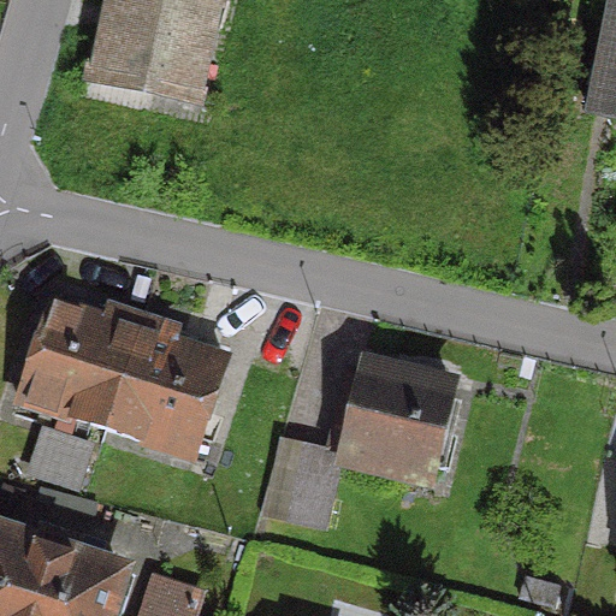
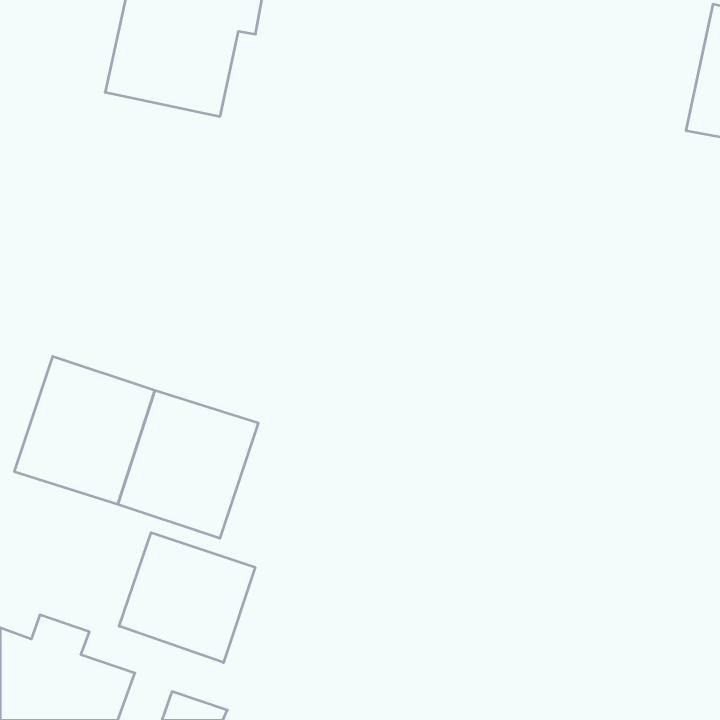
building: [286,363,450,526] -> none
building: none -> [119,533,255,663]

